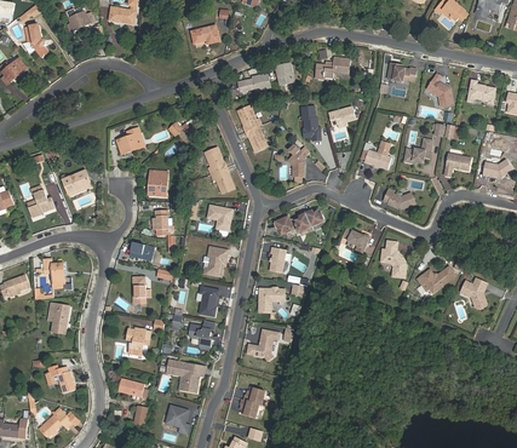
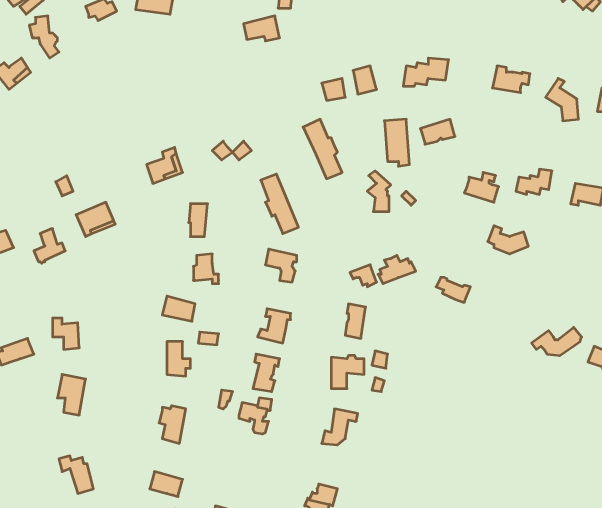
building: [378,239,404,276] -> none
building: [165,358,203,391] -> none

